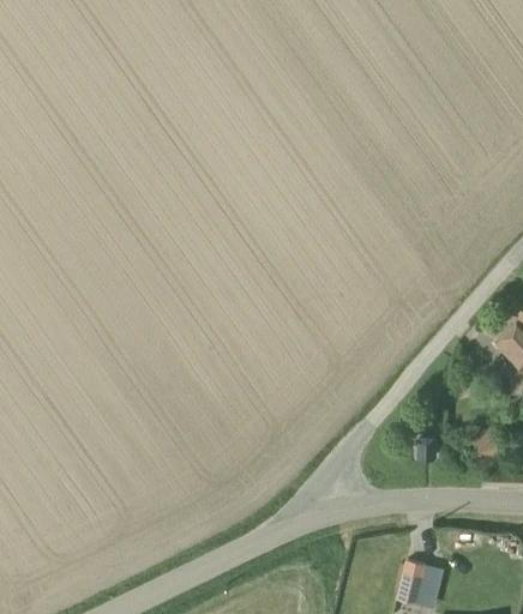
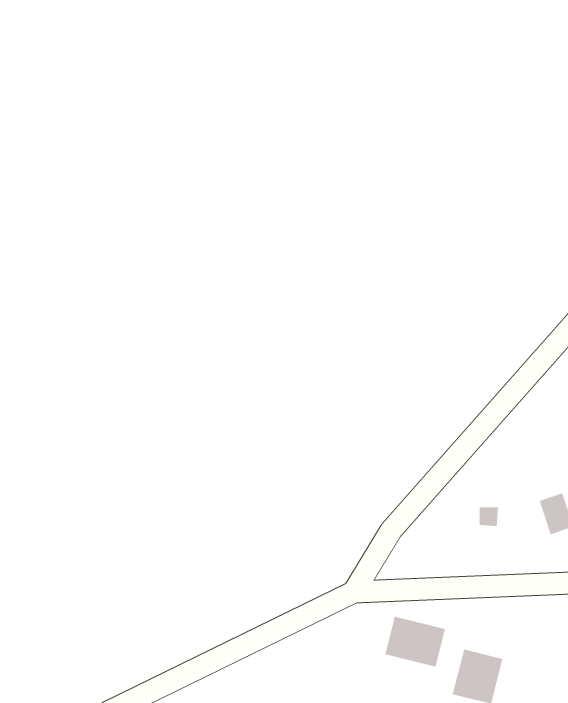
building: none -> [385,616,445,668]

